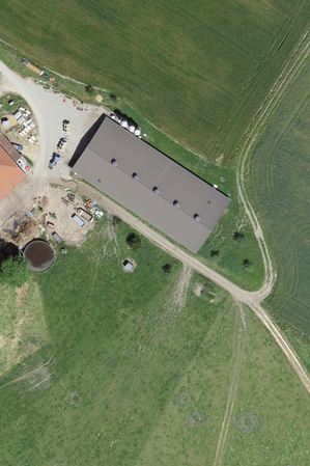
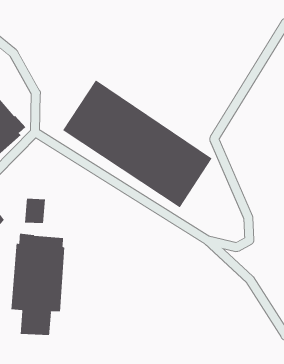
building: none -> [11,233,65,336]

